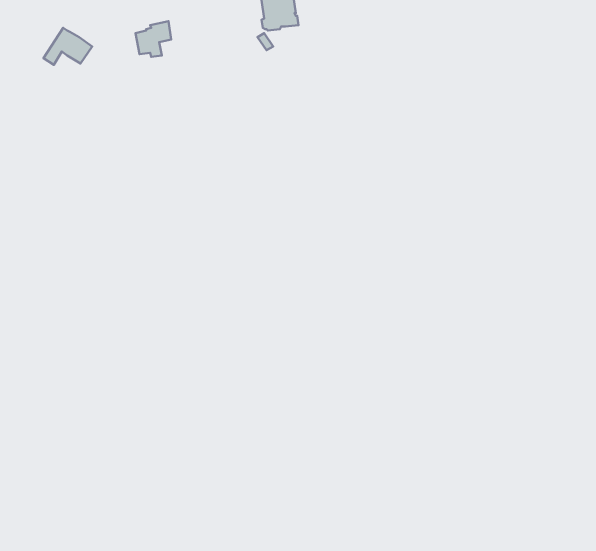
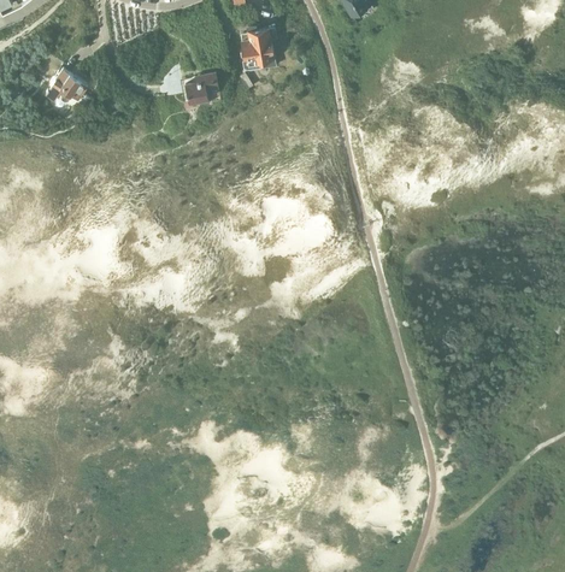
building: [135,21,171,57] -> [186,72,218,105]

